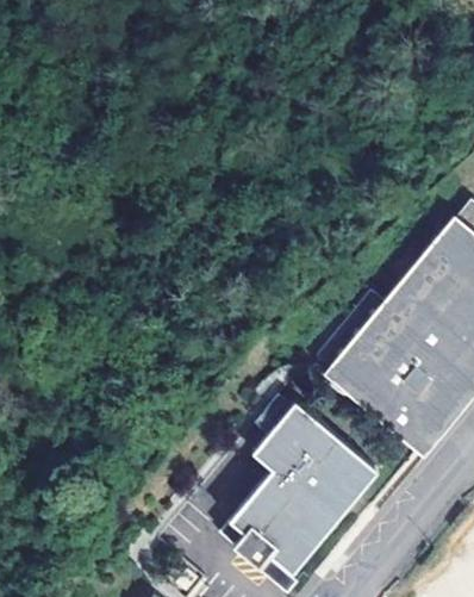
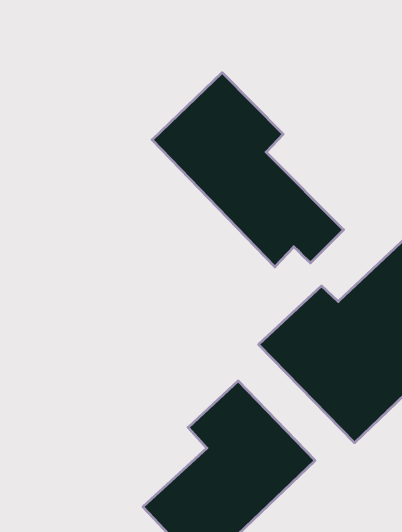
building: none -> [152,73,344,267]

